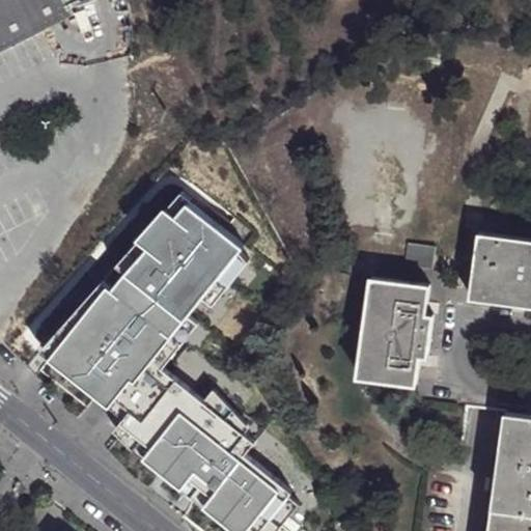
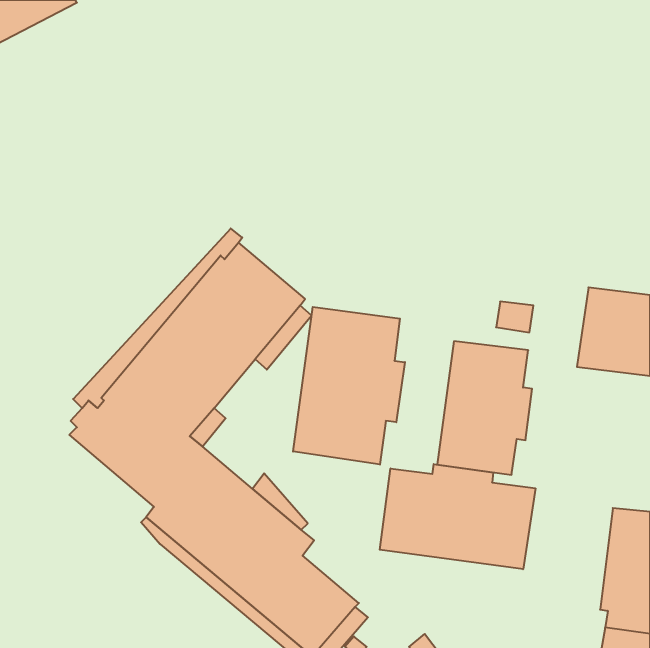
building: none -> [293,307,405,465]
building: none -> [380,464,535,569]

